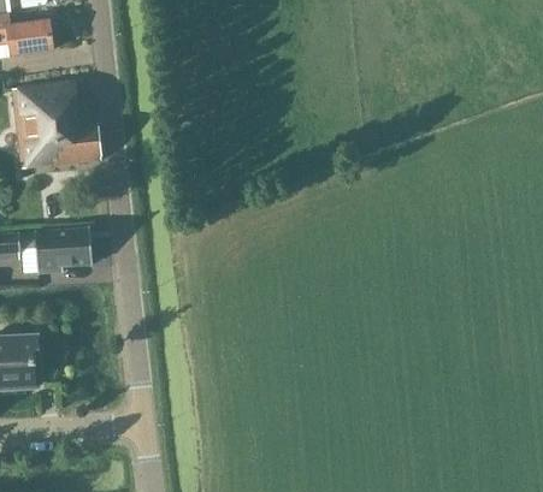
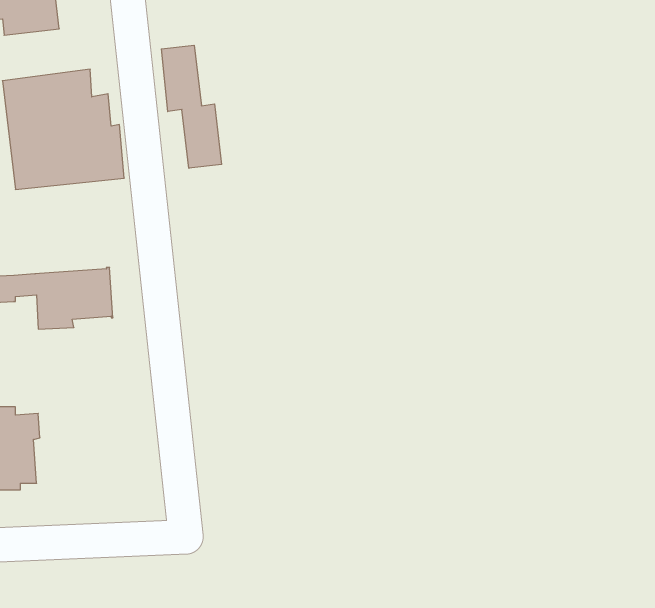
building: none -> [161,45,222,168]

